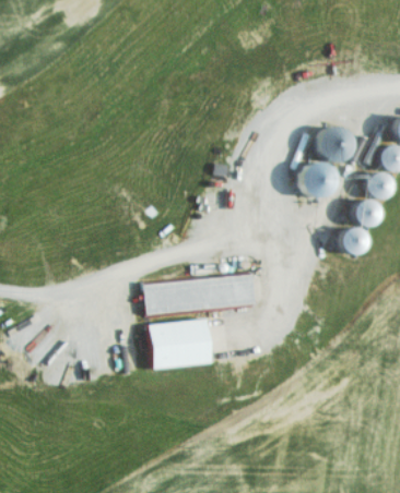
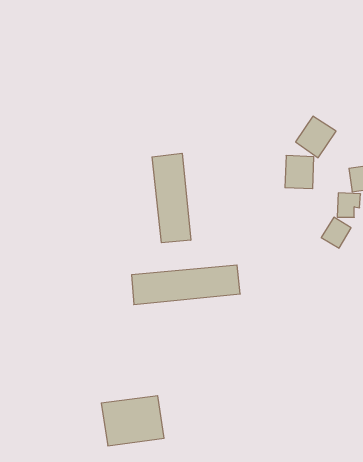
building: none -> [152,153,191,243]
building: [149,317,213,369] -> [101,396,164,446]

